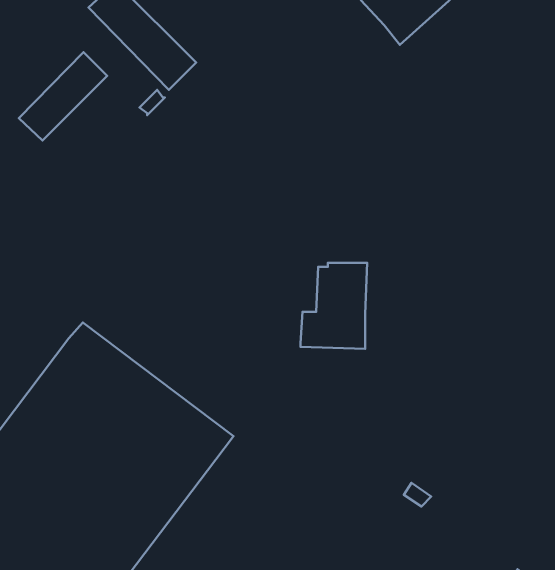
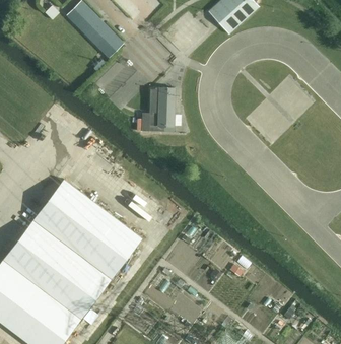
building: [19,52,107,140] -> none
building: [300,263,367,349] -> [141,87,176,132]

